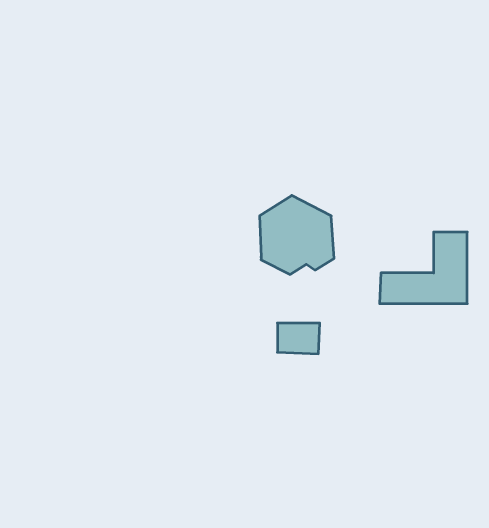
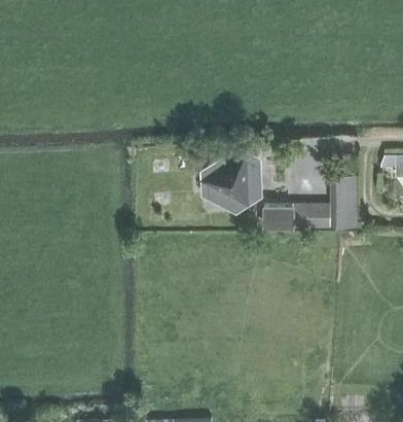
building: [277,323,320,354] -> [262,206,292,227]

